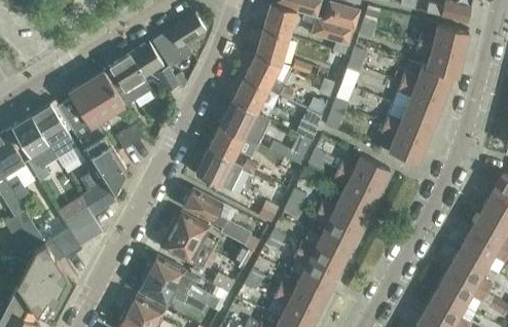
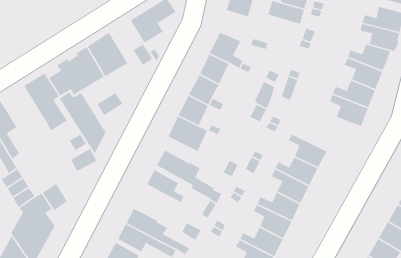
building: [255,30,288,65] -> none
building: [129,43,164,78] -> none
building: [11,116,57,180] -> none
building: [337,156,389,191] -> none
building: [67,212,101,244] -> none
building: [160,229,211,269] -> none

